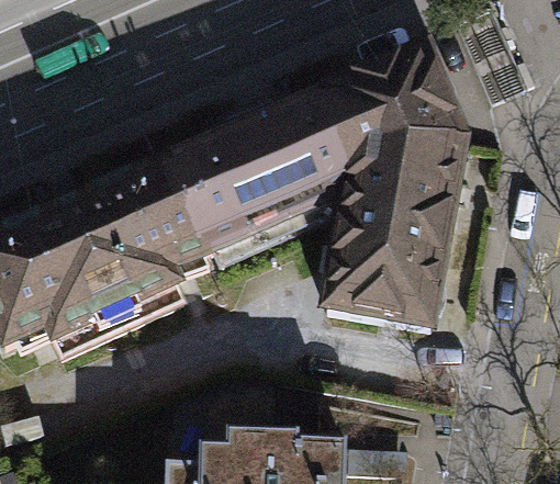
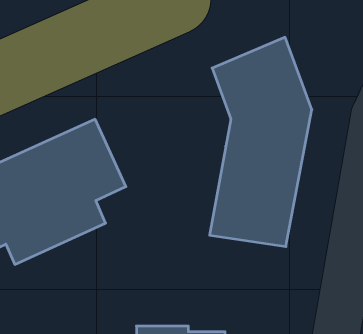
building: [170,93,354,254] -> none

